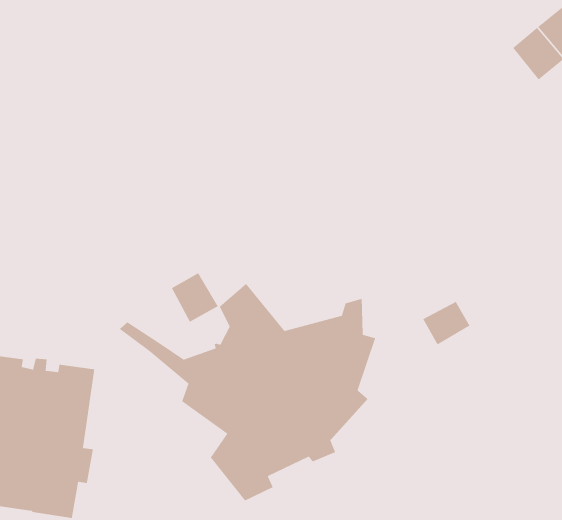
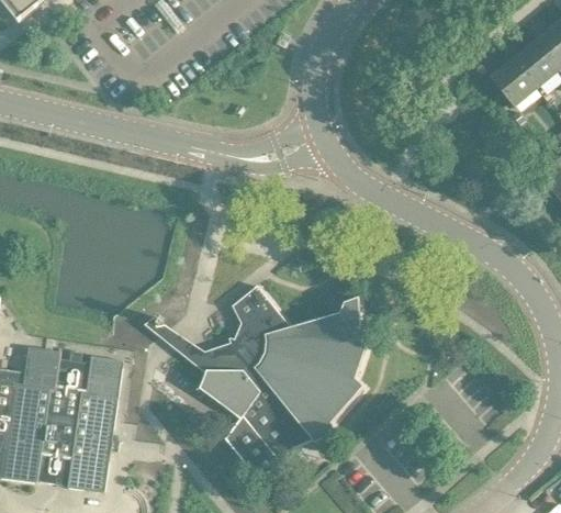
building: [171,272,219,323] -> none
building: [422,301,470,345] -> none

